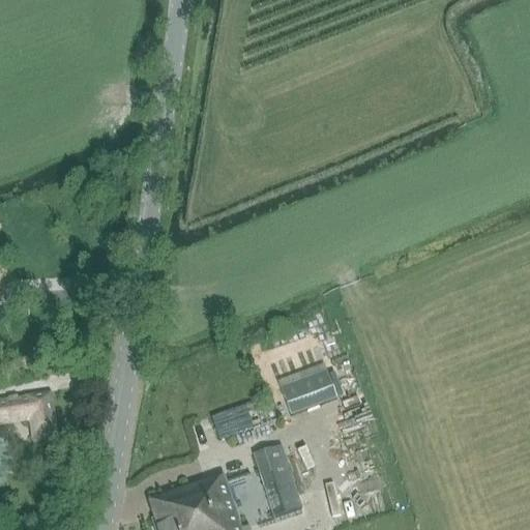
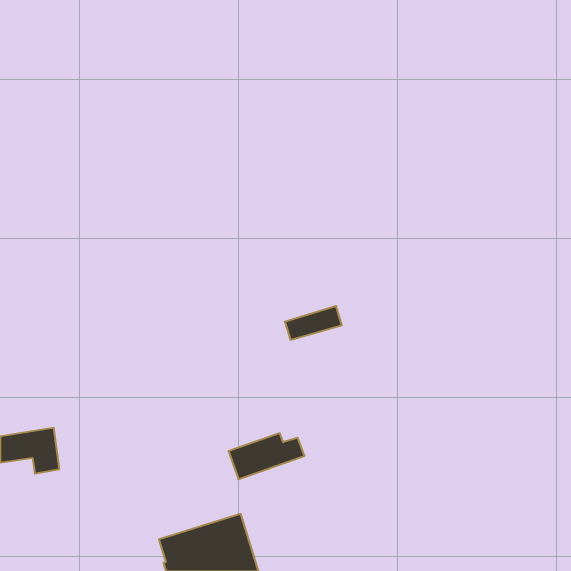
building: [284,374,336,405] -> [285,306,342,340]
building: [254,447,303,519] -> none

